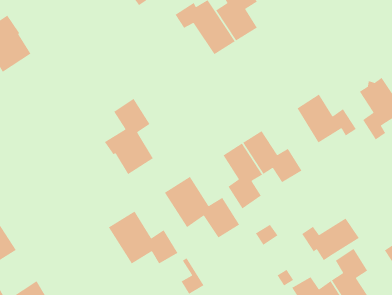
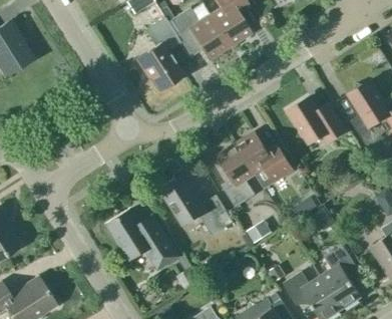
building: [104,98,154,175] -> [135,16,183,90]
building: [301,217,360,261] -> none

